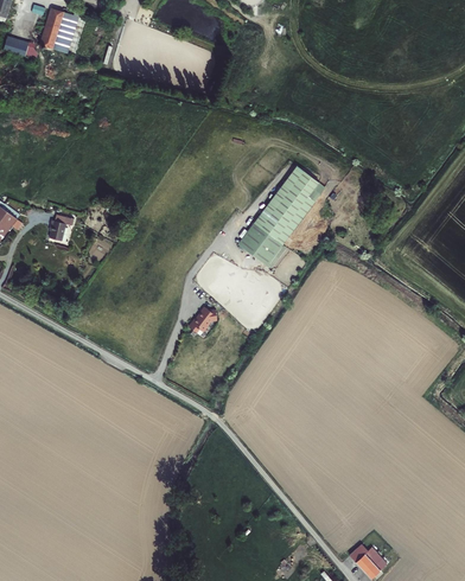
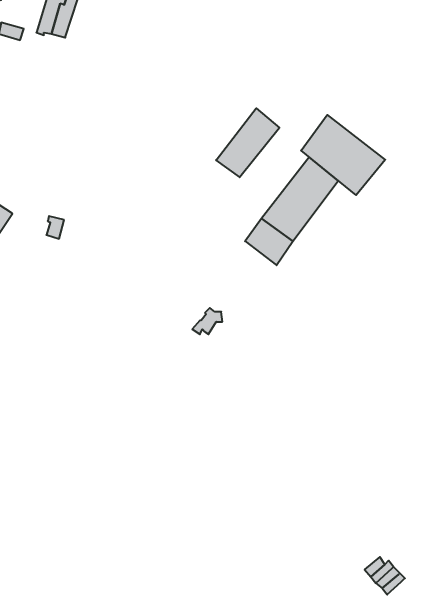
building: none -> [216,108,279,177]
building: none -> [301,115,385,195]

